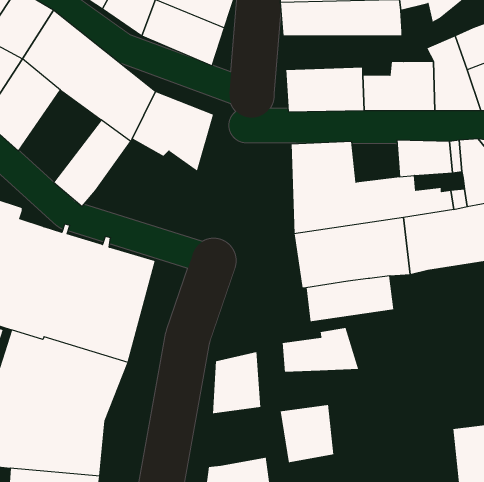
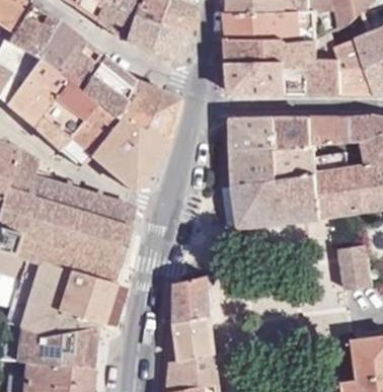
building: none -> [229,38,319,68]
building: none -> [31,79,93,148]
building: none -> [89,115,165,189]
building: none -> [281,116,316,148]
building: none -> [341,240,373,288]
building: [282,327,359,372] -> none
building: [280,404,334,463] -> [176,316,217,360]

